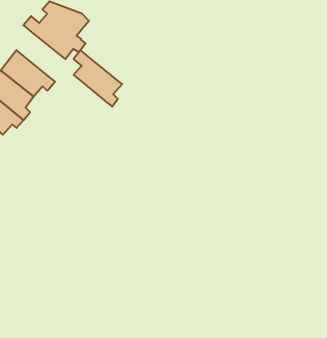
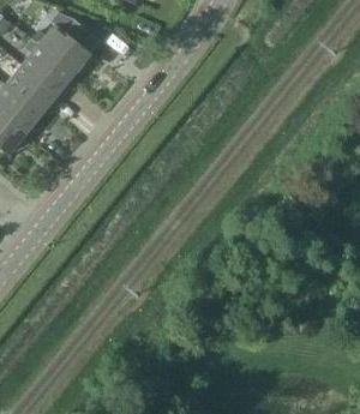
building: [74,50,122,107] -> [22,42,73,102]

